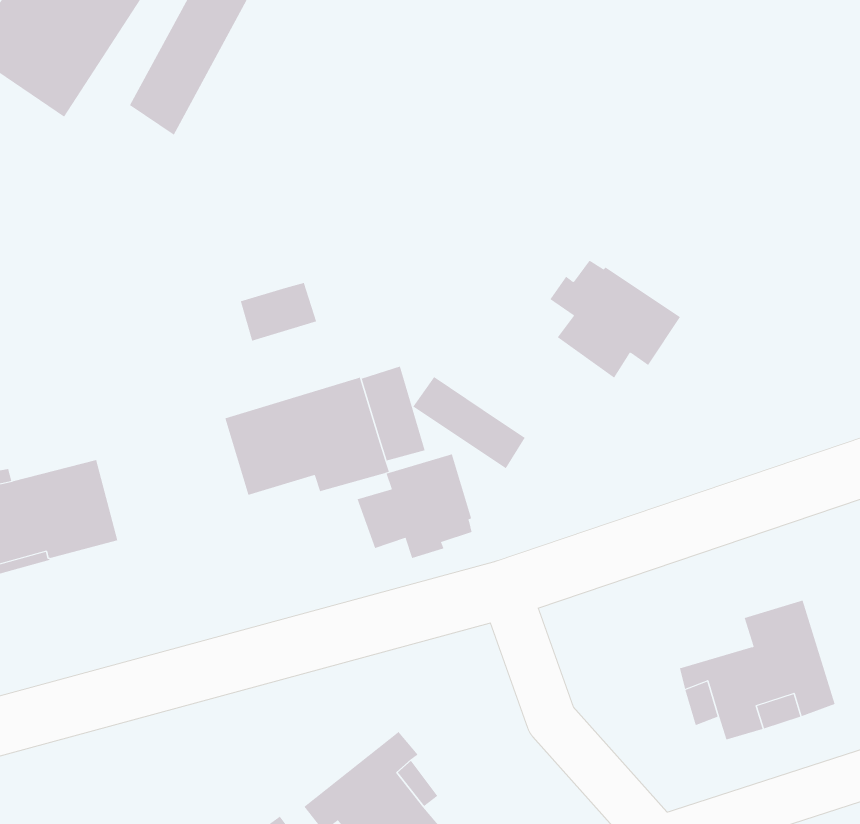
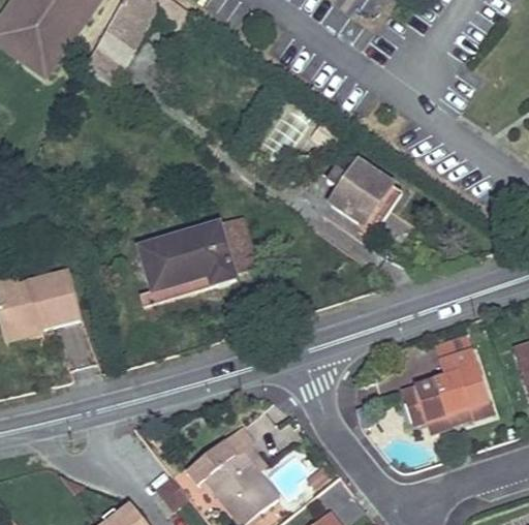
building: [240,282,317,341] -> none
building: [413,376,525,469] -> none
building: [357,453,472,559] -> none

